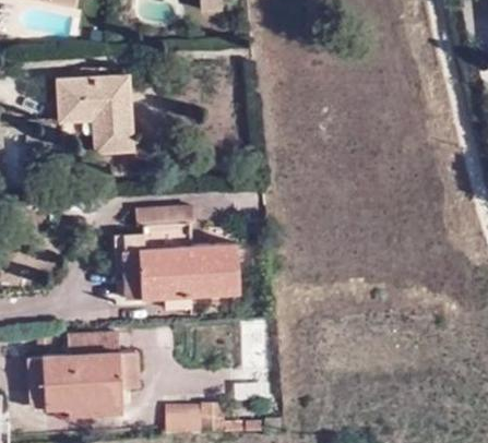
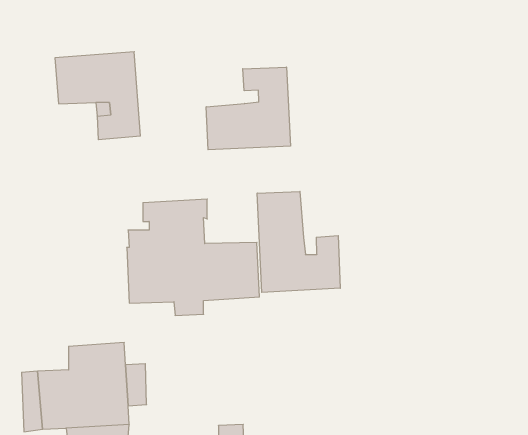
building: none -> [206,67,290,150]
building: none -> [257,191,340,292]

